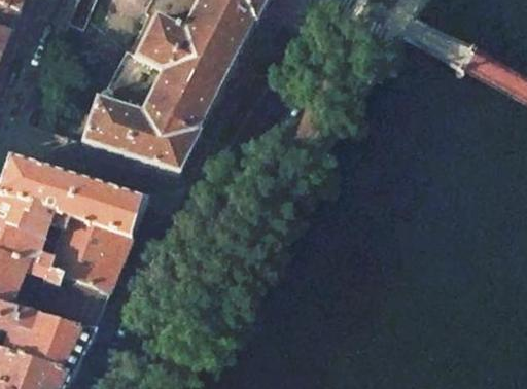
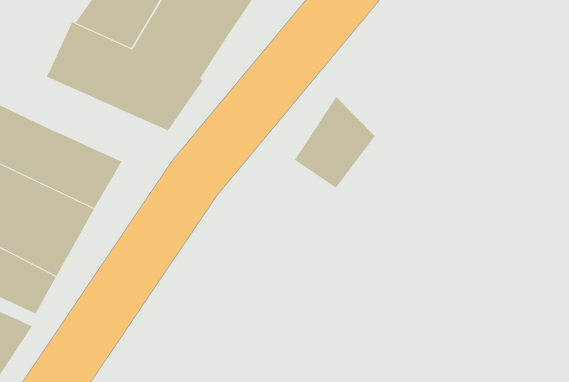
building: none -> [294,96,376,188]

